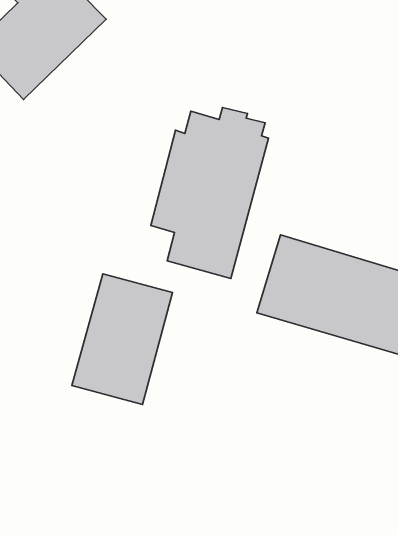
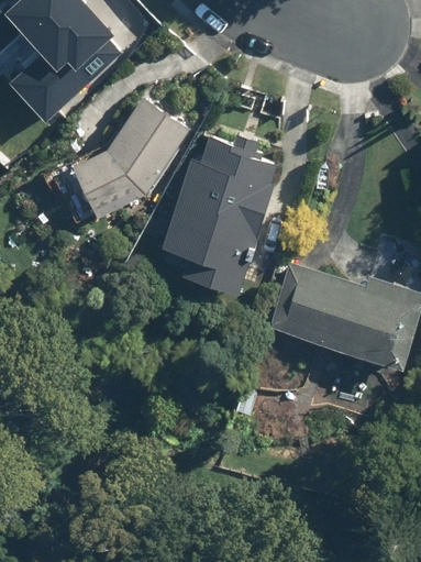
building: none -> [75,99,187,214]
building: [72,274,173,404] -> none

